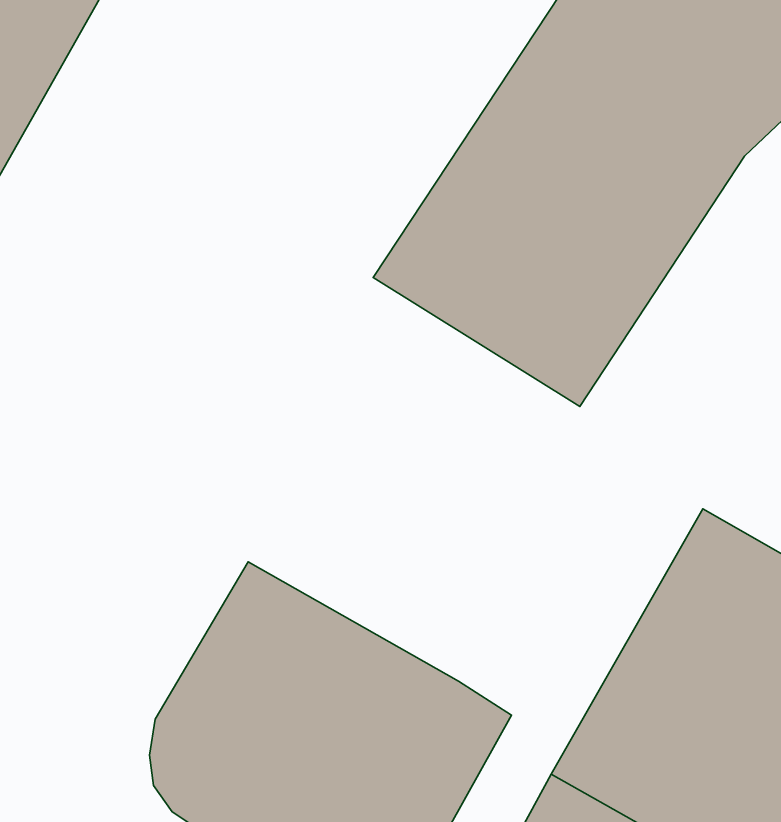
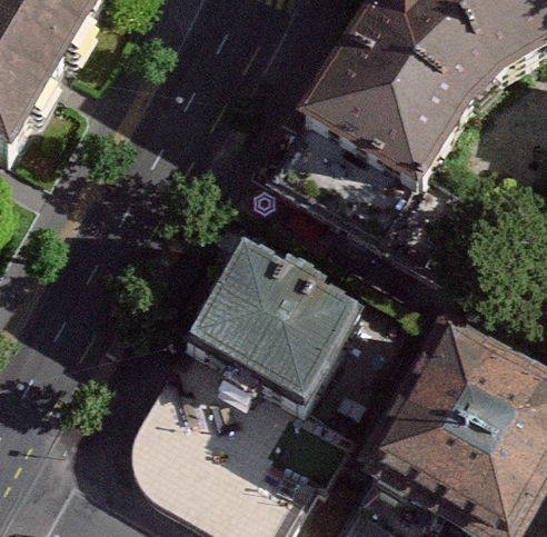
building: none -> [182,232,366,408]

